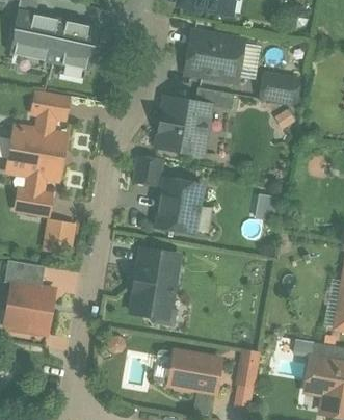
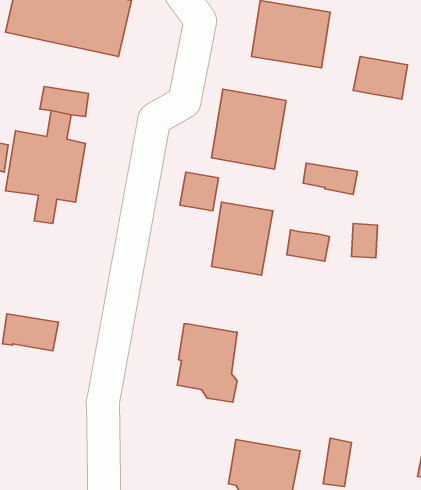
building: [195,87,235,110] -> [303,163,358,195]
building: [16,191,51,213] -> none
building: none -> [287,230,330,261]
building: [43,220,73,255] -> none
building: [139,248,178,273] -> none
building: [8,282,55,335] -> none

